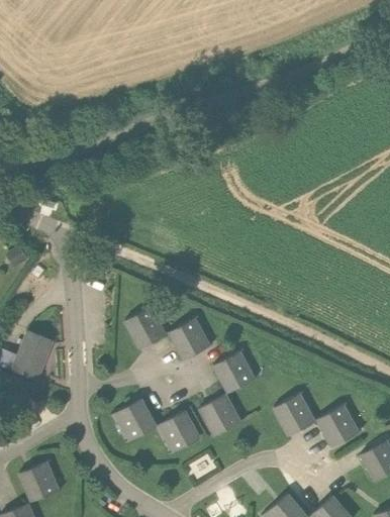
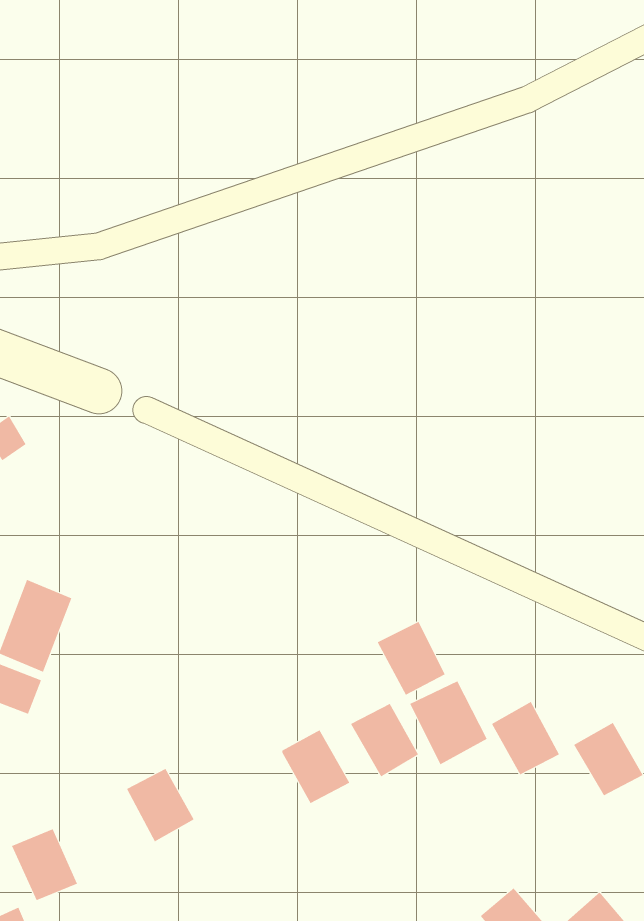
building: [126,308,163,347] -> none
building: [170,319,207,358] -> none
building: none -> [409,681,488,765]
building: [119,399,156,438] -> [126,768,195,842]

